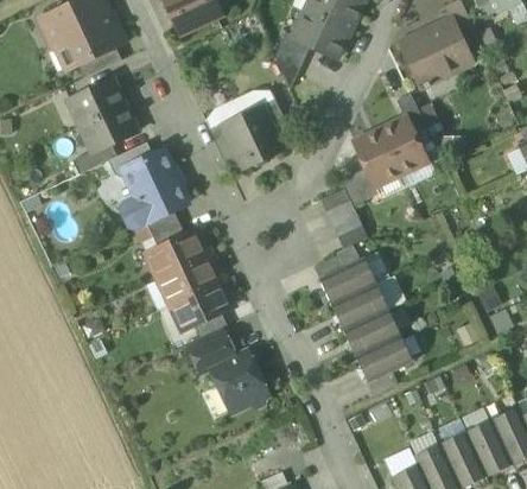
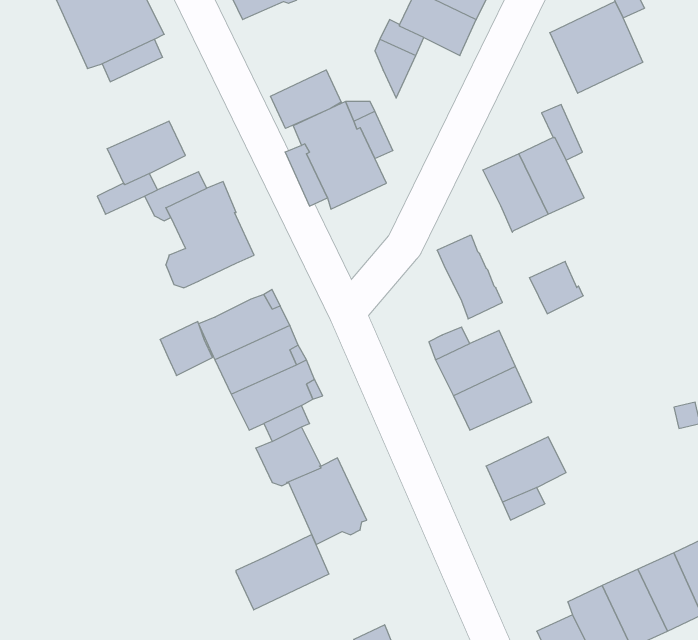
building: none -> [271,70,341,128]
building: [68,80,125,126] -> none
building: [339,167,379,205] -> [529,261,583,314]
building: [146,209,184,248] -> [160,322,212,376]
building: [343,310,400,356] -> none
building: none -> [236,534,329,610]

